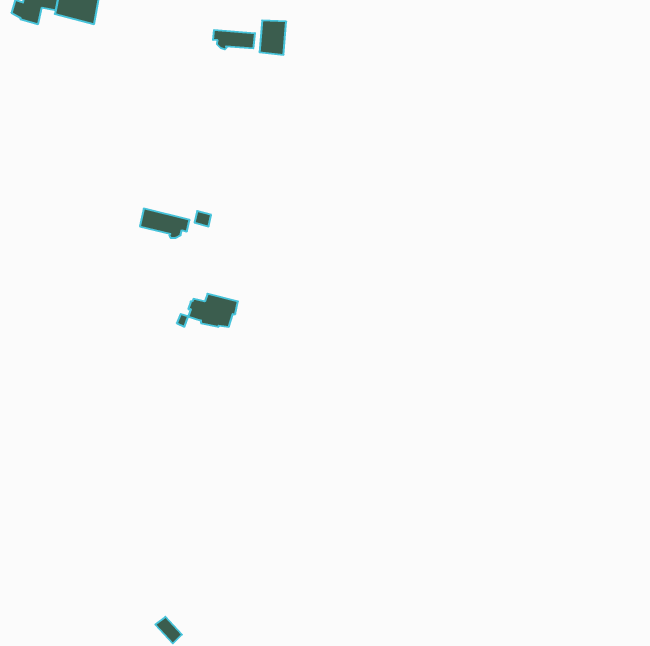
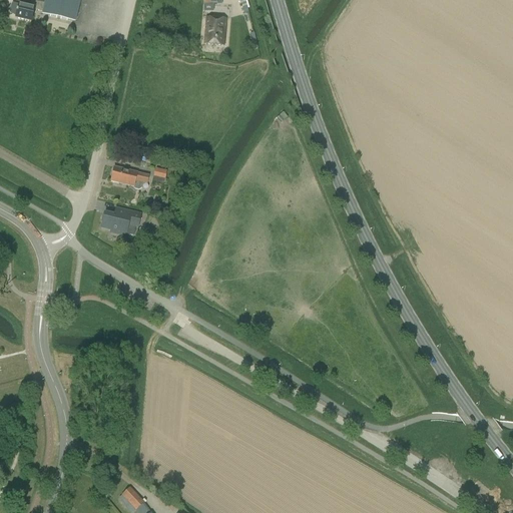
building: [213,30,255,49] -> none
building: [188,294,238,327] -> [101,207,140,233]

